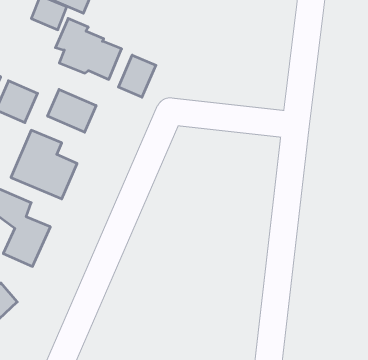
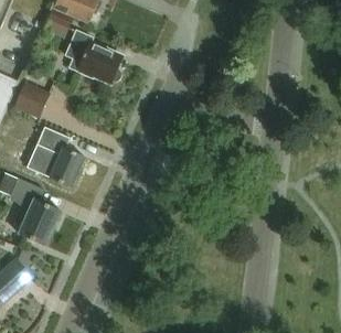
building: [118,55,156,97] -> none
building: [48,89,96,132] -> none

